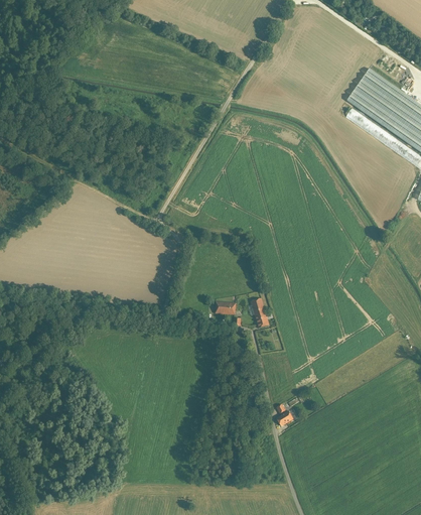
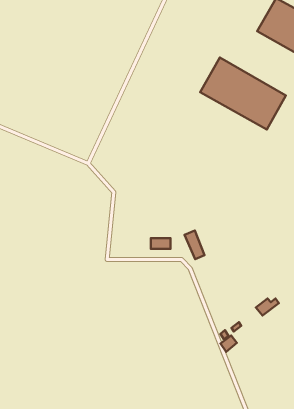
building: none -> [200,58,286,130]

